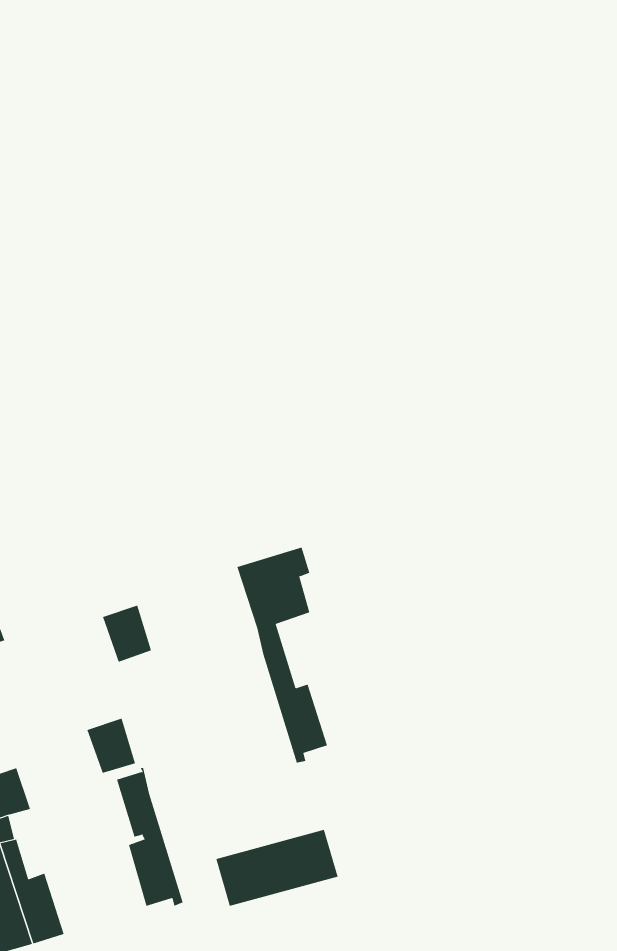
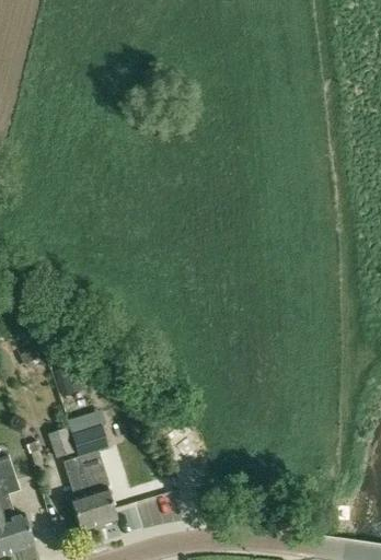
building: [237,547,328,763] -> [69,410,119,529]

